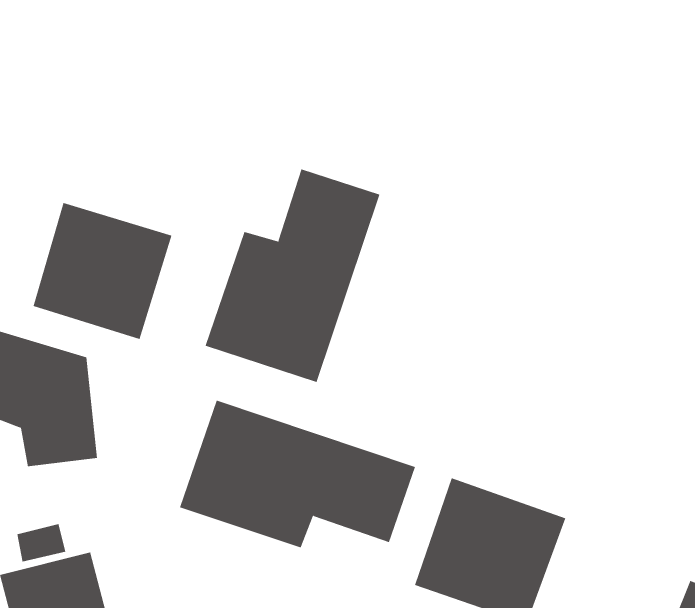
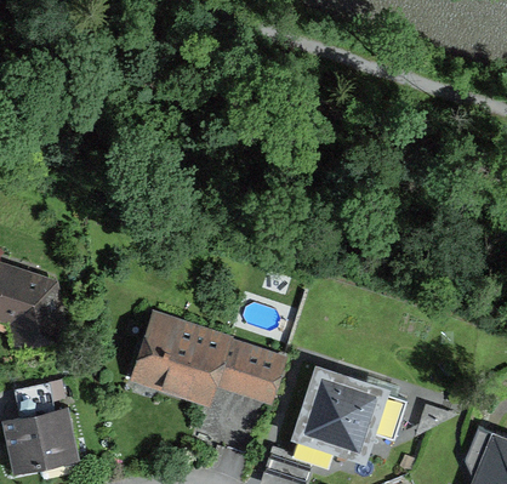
building: [205,168,380,383] -> none
building: [33,202,172,340] -> none

